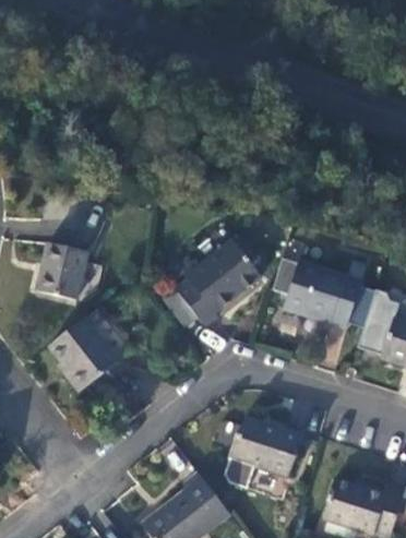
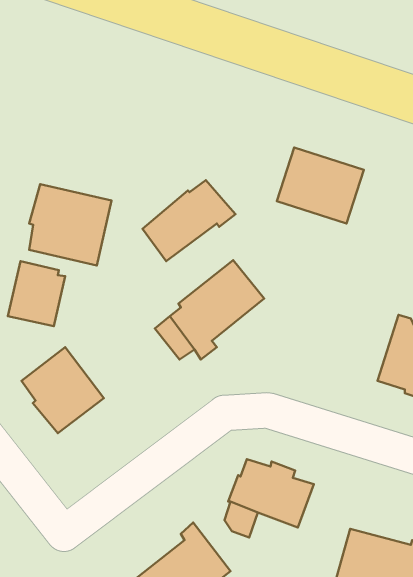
building: none -> [142,180,235,261]
building: none -> [29,184,111,266]
building: [285,261,361,327] -> [277,148,364,223]

